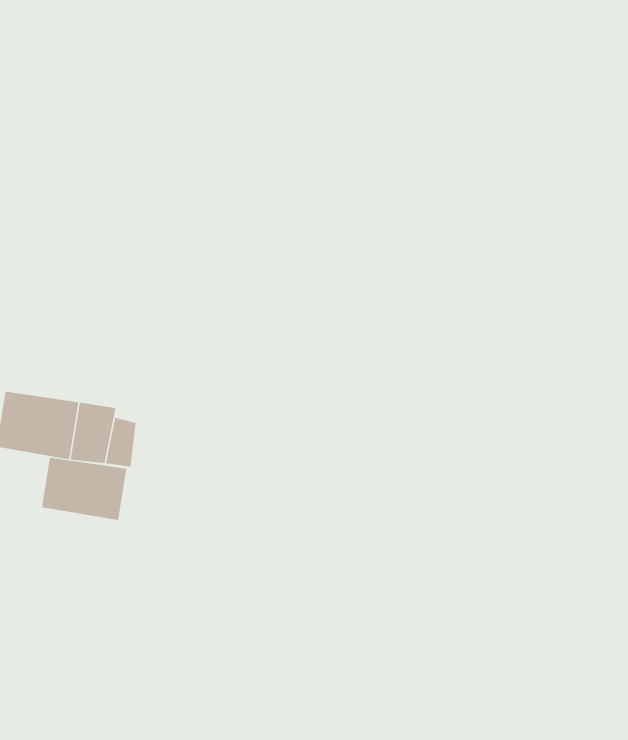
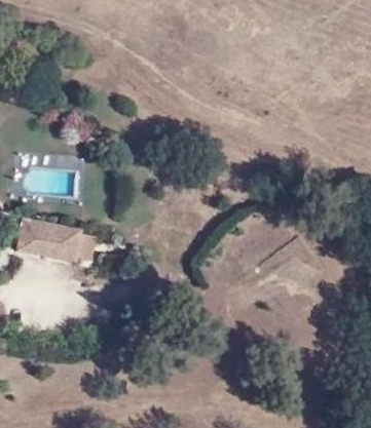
building: [42,457,127,521] -> none

